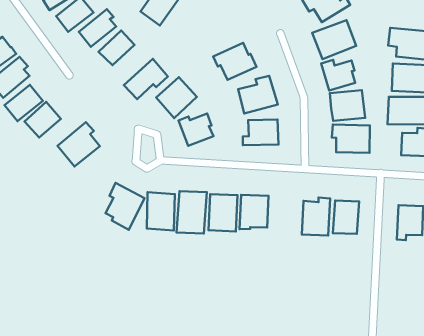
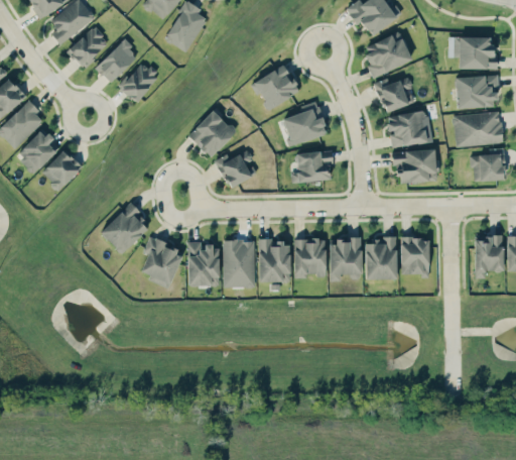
building: [124,59,168,99] -> none
building: [58,122,100,167] -> [100,203,148,254]
building: none -> [329,239,361,280]

